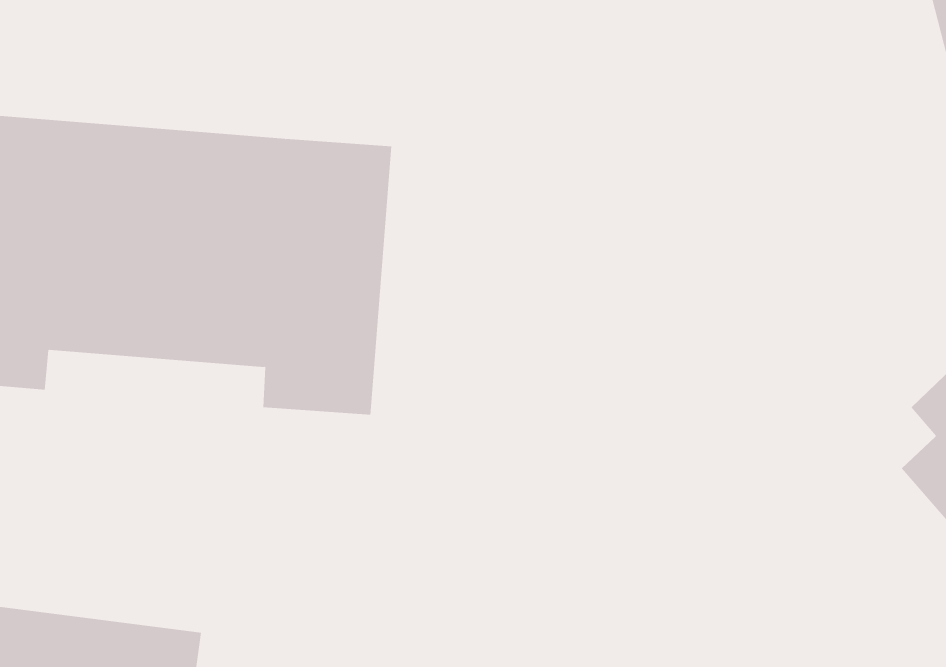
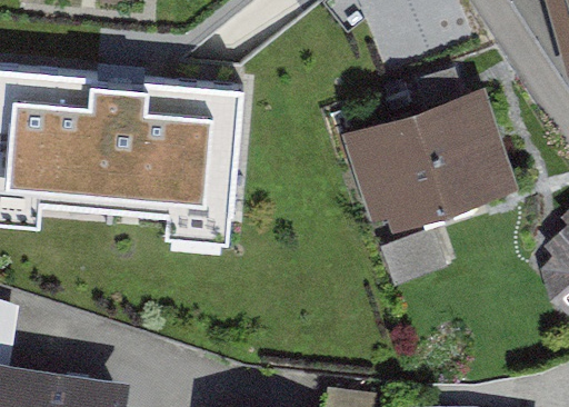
building: none -> [349,91,520,236]

